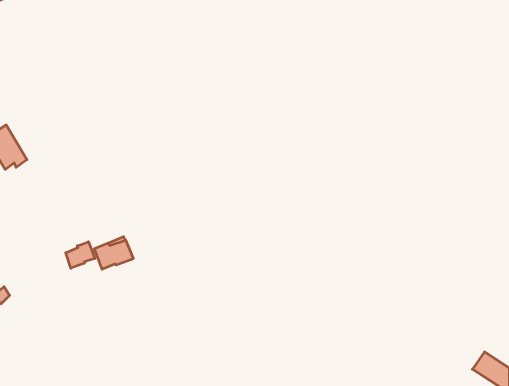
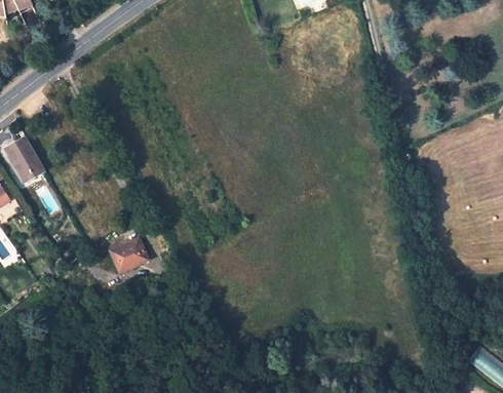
building: [66,242,95,268] -> none

